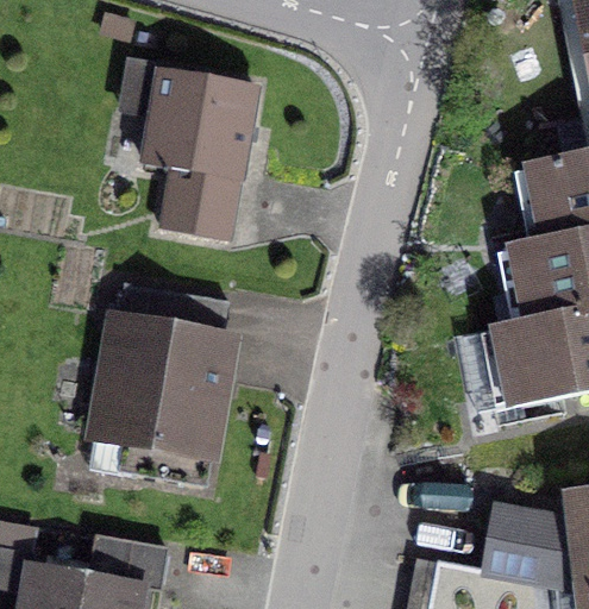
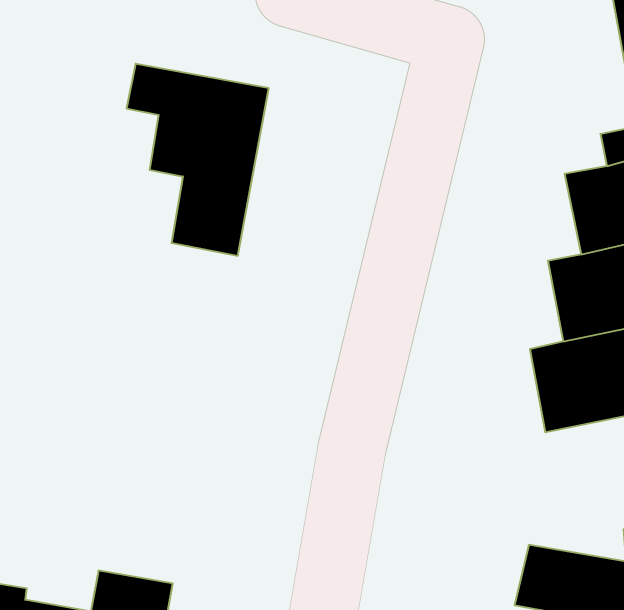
building: [98,284,230,479] -> none

